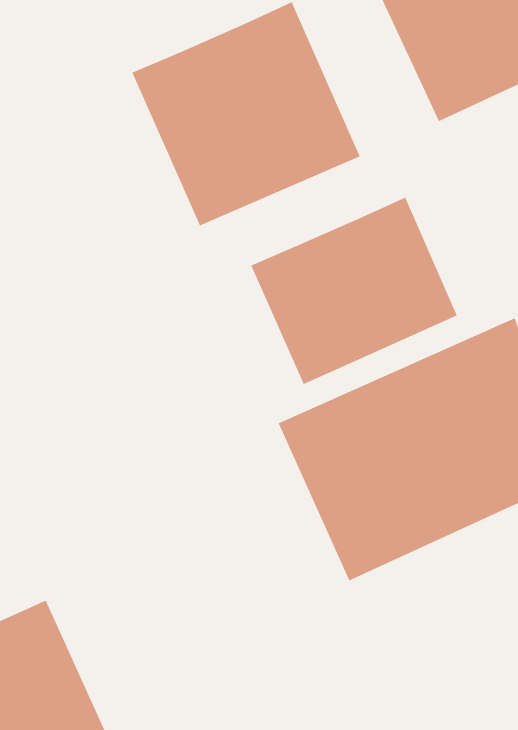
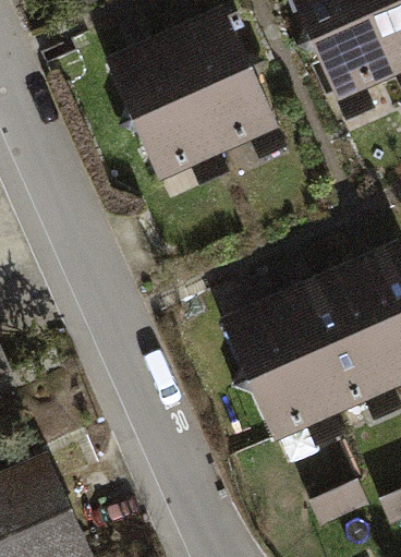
building: [250,197,458,385] -> none

